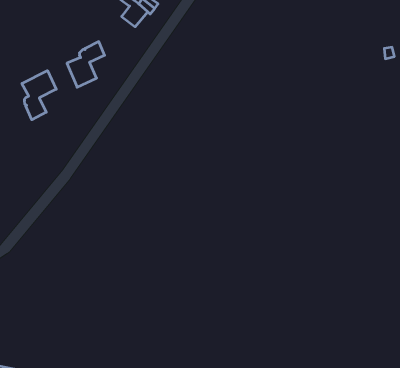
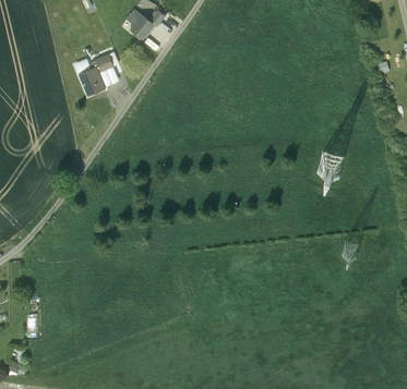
building: [22,71,56,120] -> none

